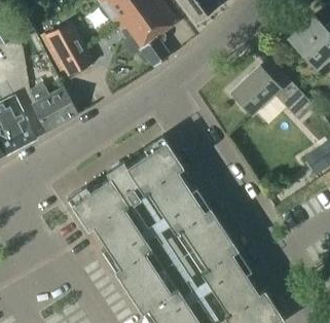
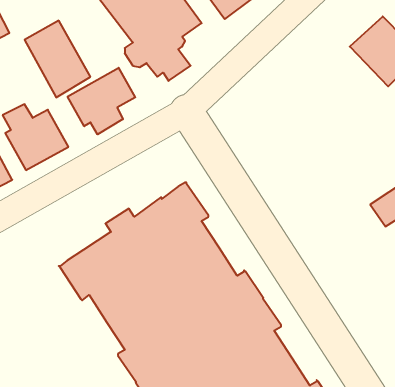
building: none -> [68,68,135,134]
building: [232,68,307,116] -> none

